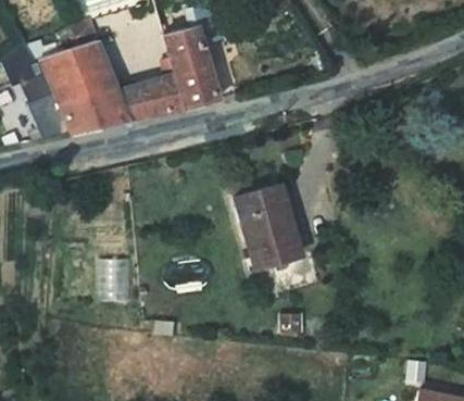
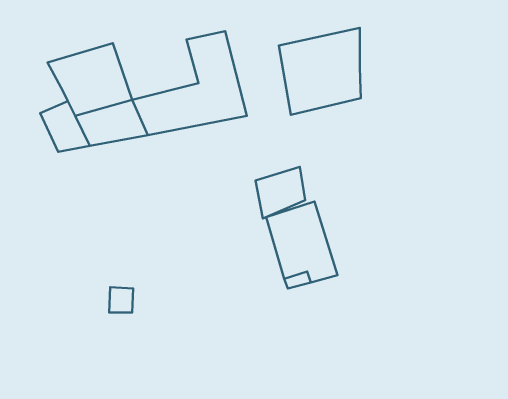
building: none -> [279,28,361,115]
building: none -> [256,167,305,219]

